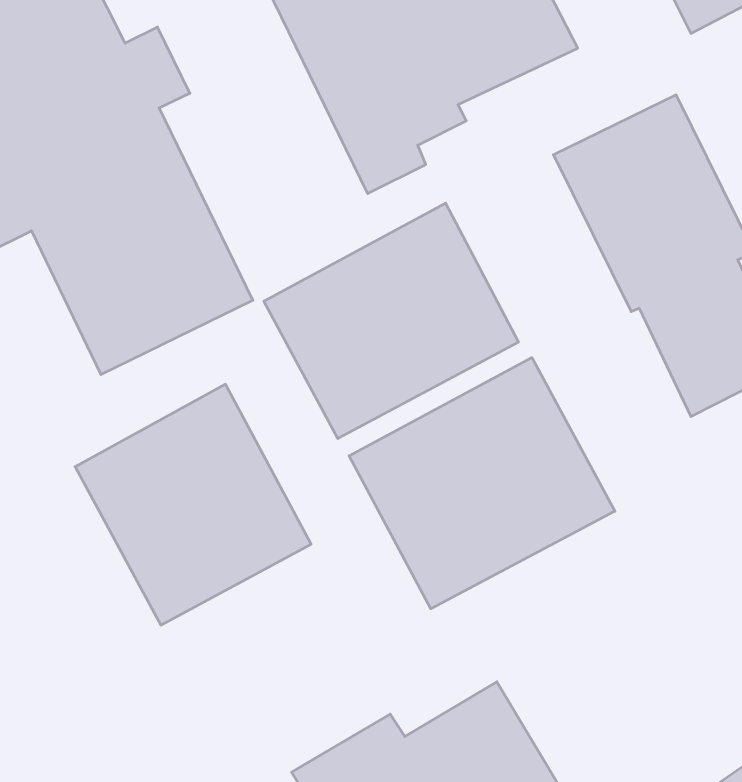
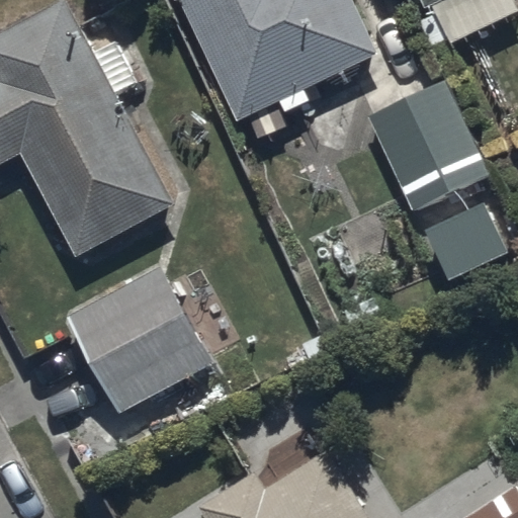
building: [264,203,518,439] -> none
building: [349,358,615,609] -> none

